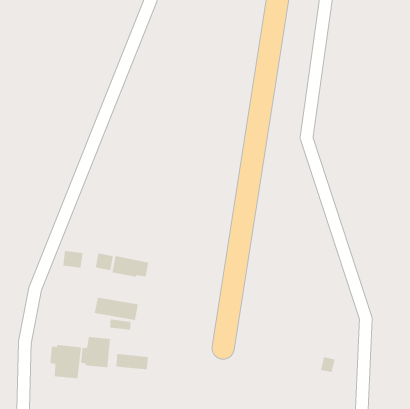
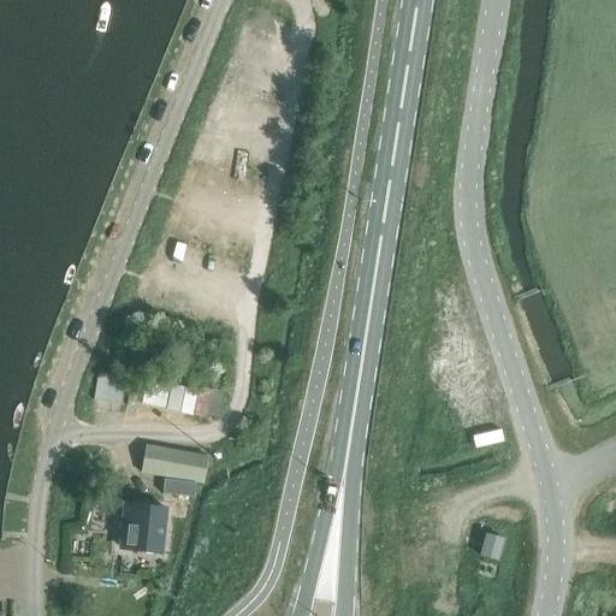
building: [50,344,82,379] -> none
building: [115,353,149,370] -> none

